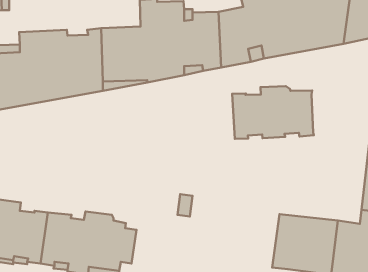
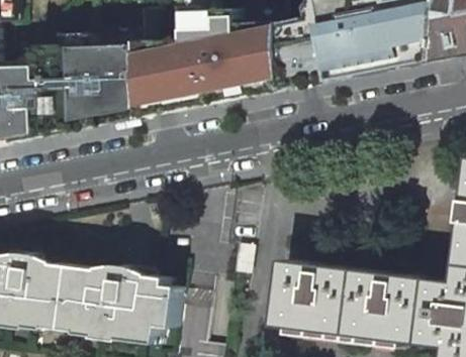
building: [232,86,314,139] -> none
building: none -> [270,258,351,333]

